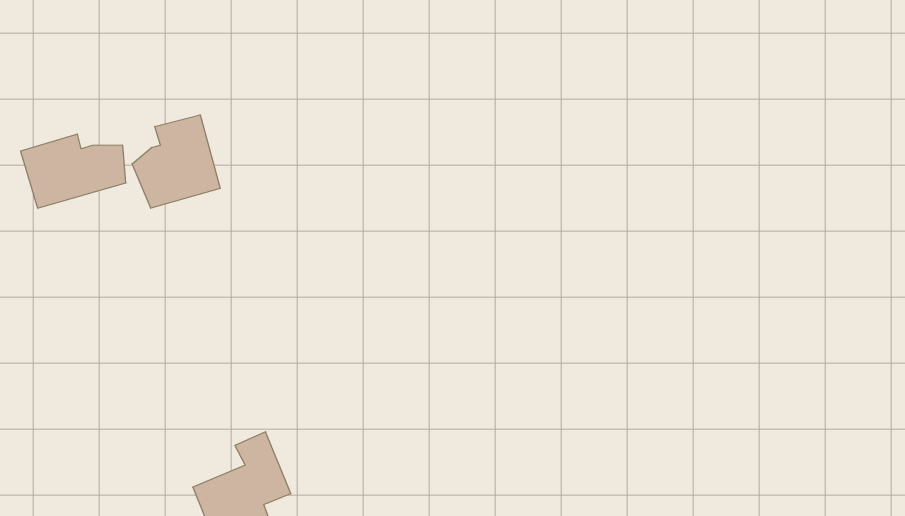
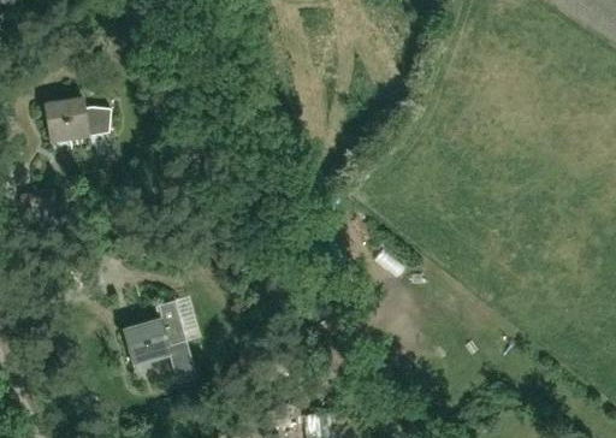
building: [132,115,220,208] -> none

